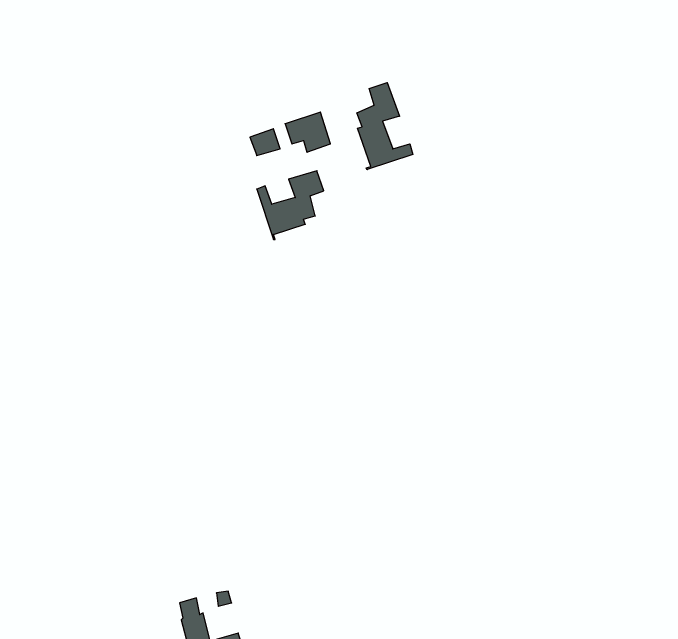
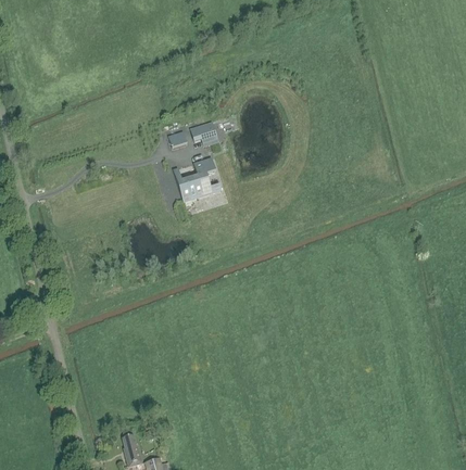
building: [357,83,413,170] -> none

